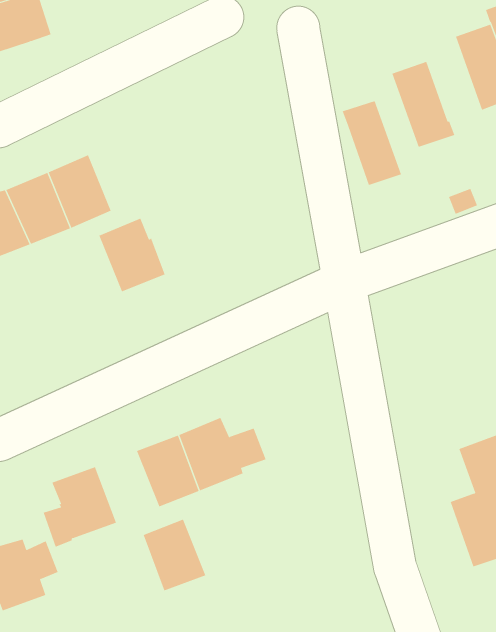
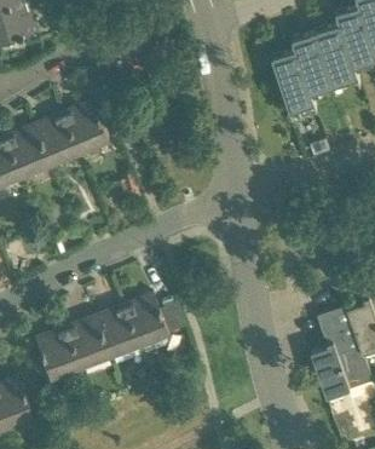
building: [342,101,402,185] -> [292,35,333,93]
building: [99,218,166,292] -> [63,104,109,155]
building: [143,519,206,591] -> [68,320,111,369]

